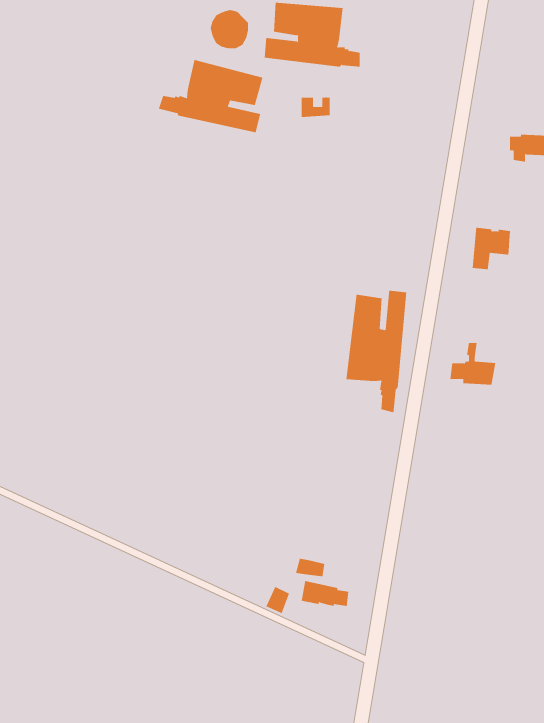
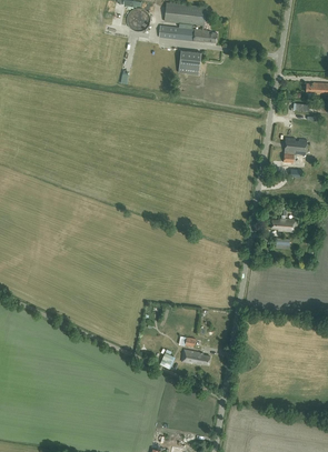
building: [158,59,263,133] -> none
building: [346,290,407,413] -> none

